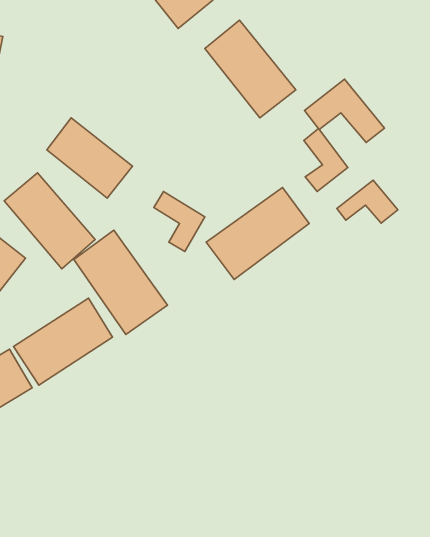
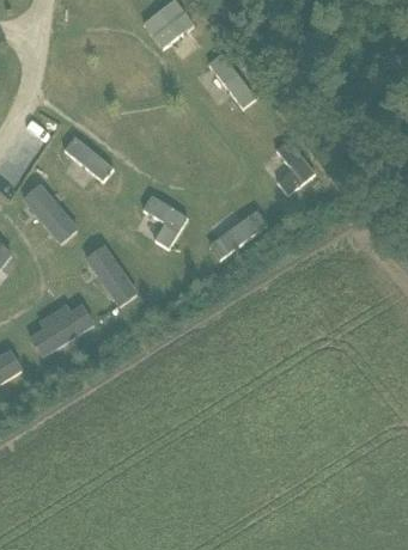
building: [304,79,385,143] -> none
building: [337,180,398,223] -> none

